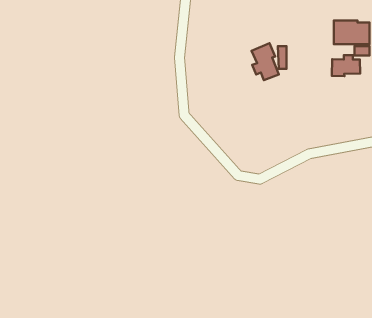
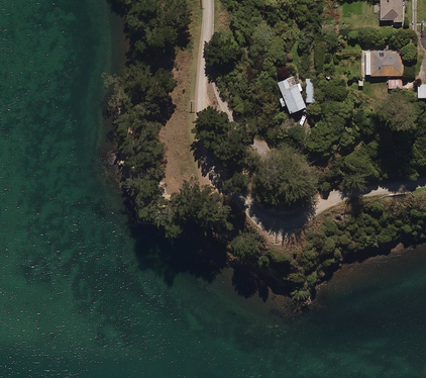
building: [332,55,360,76] -> none

